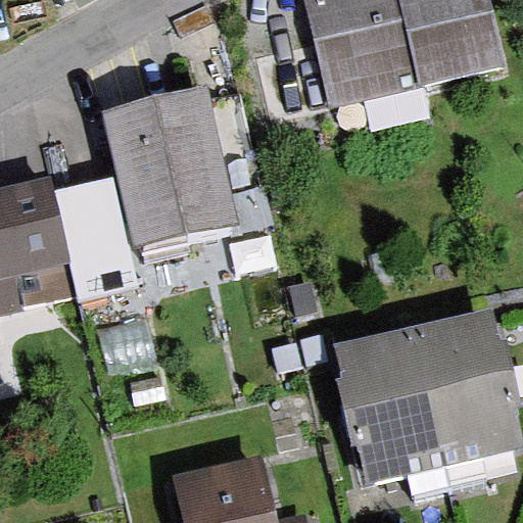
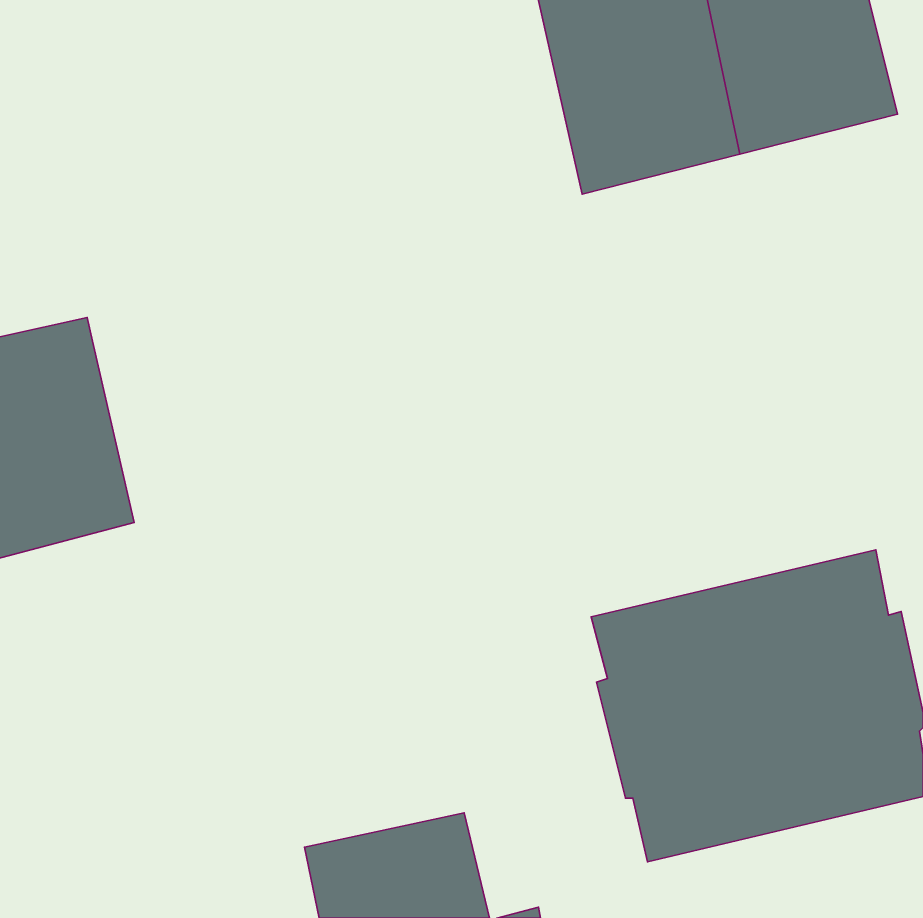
building: [101,88,239,251] -> none
building: [52,179,137,301] -> none

